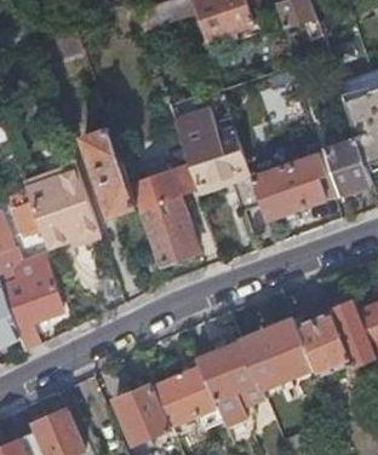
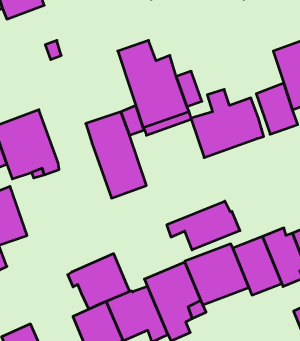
building: [84,128,137,214] -> none
building: none -> [167,201,240,250]
building: none -> [68,254,130,309]

